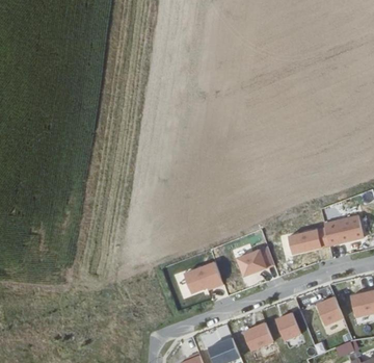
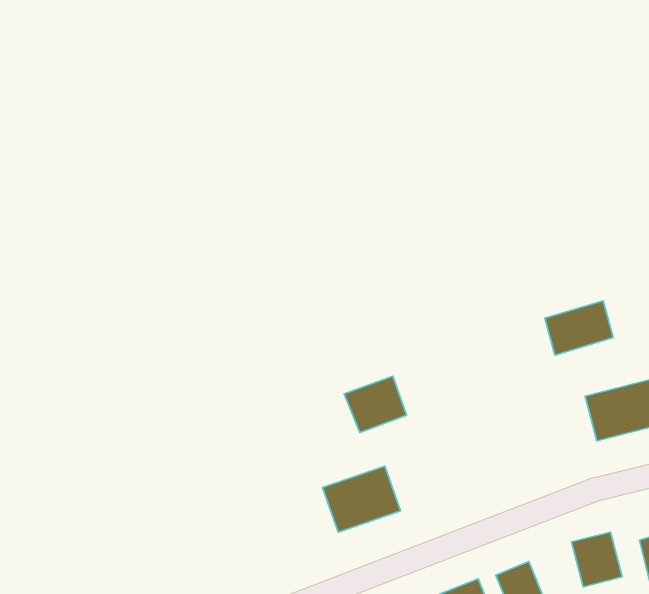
building: [287,227,323,256] -> [545,301,613,355]
building: [235,248,268,278] -> [344,376,406,433]

